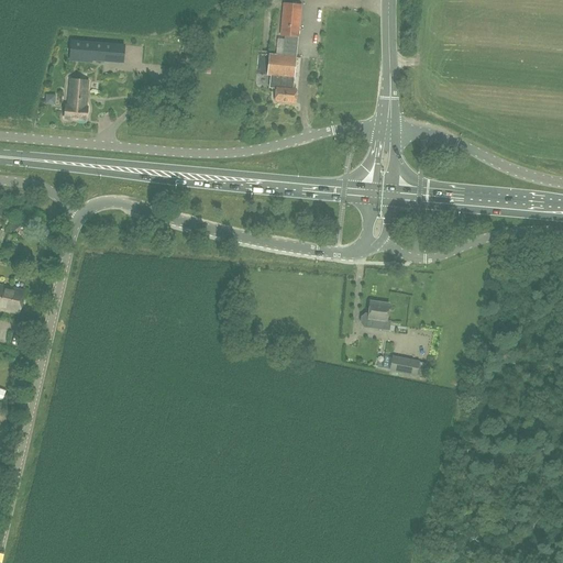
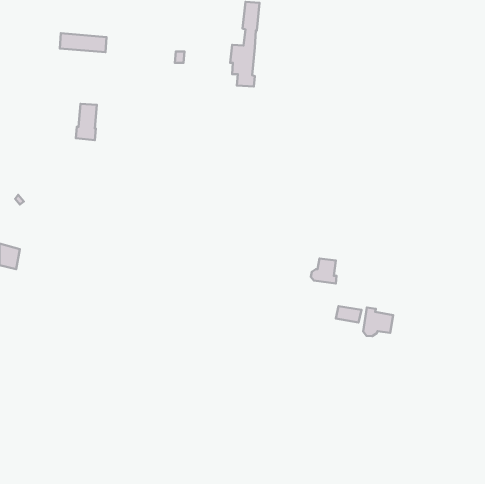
building: [64,77,88,119] -> [76,104,97,140]
building: none -> [363,307,393,336]

